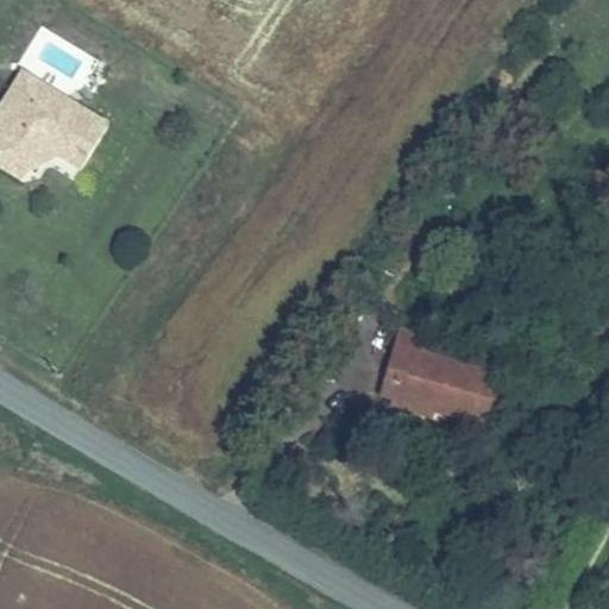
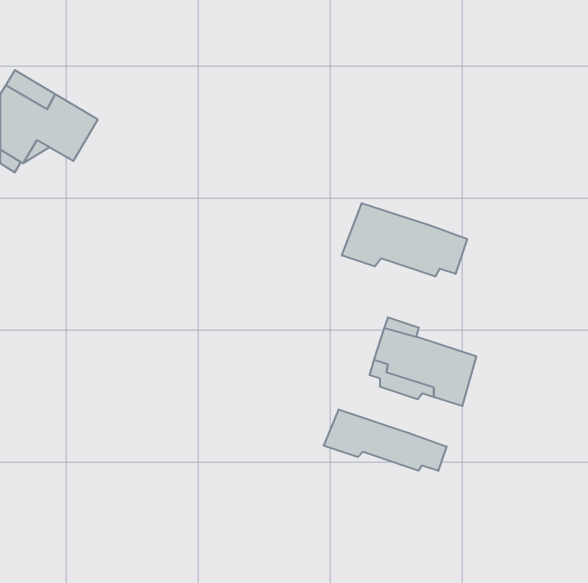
building: none -> [342,203,467,277]
building: none -> [324,409,447,471]

